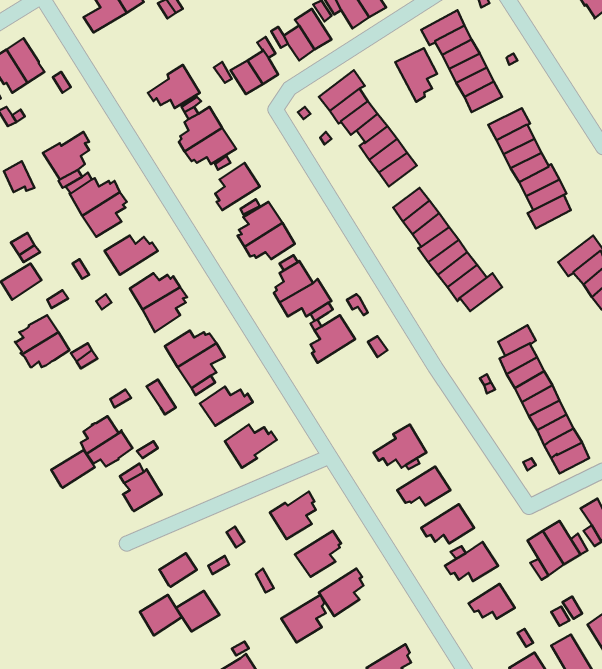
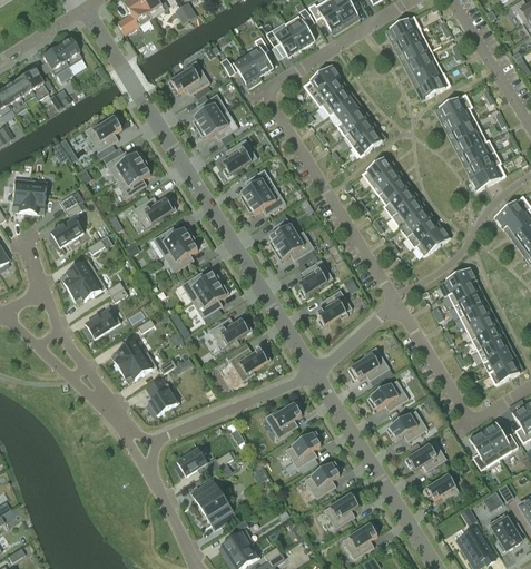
building: [395,48,437,102] -> none
building: none -> [316,288,354,326]
building: [51,450,95,488] -> [86,307,120,337]
building: [281,595,326,642] -> [323,490,358,528]
building: [140,595,182,636] -> [203,497,236,529]

